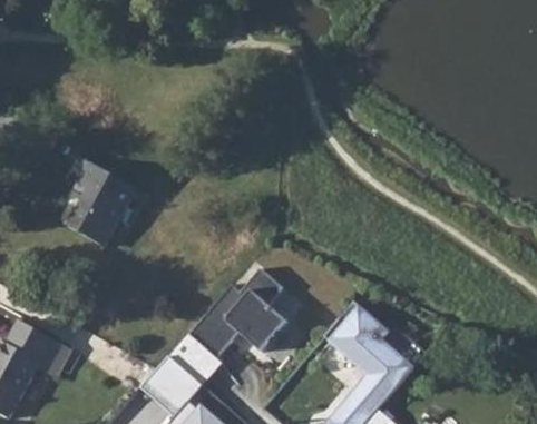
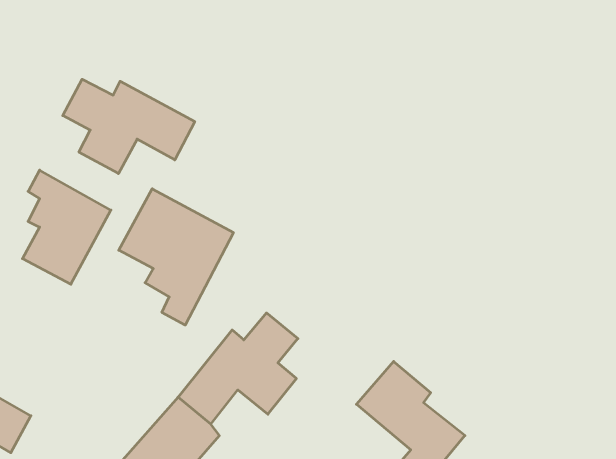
building: none -> [63,79,195,174]
building: none -> [119,189,233,325]

